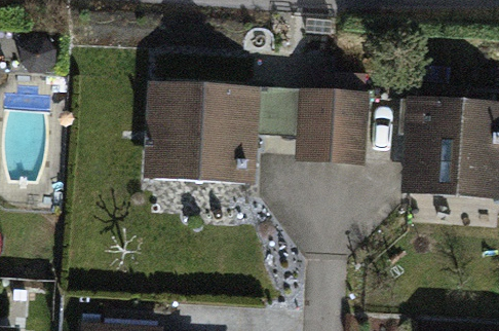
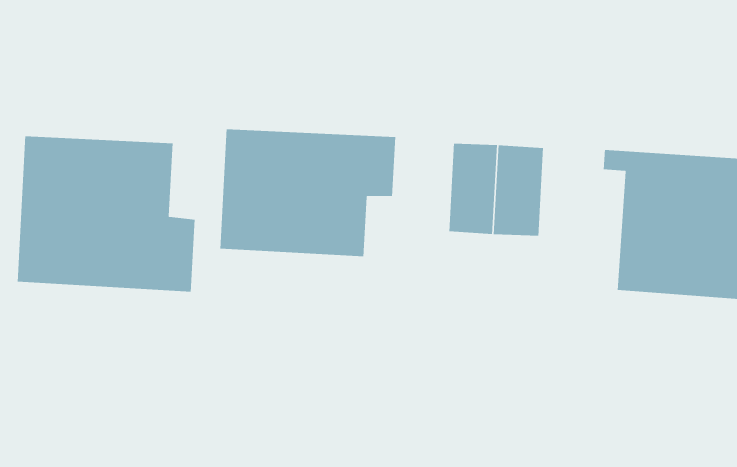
building: none -> [17,135,196,292]

